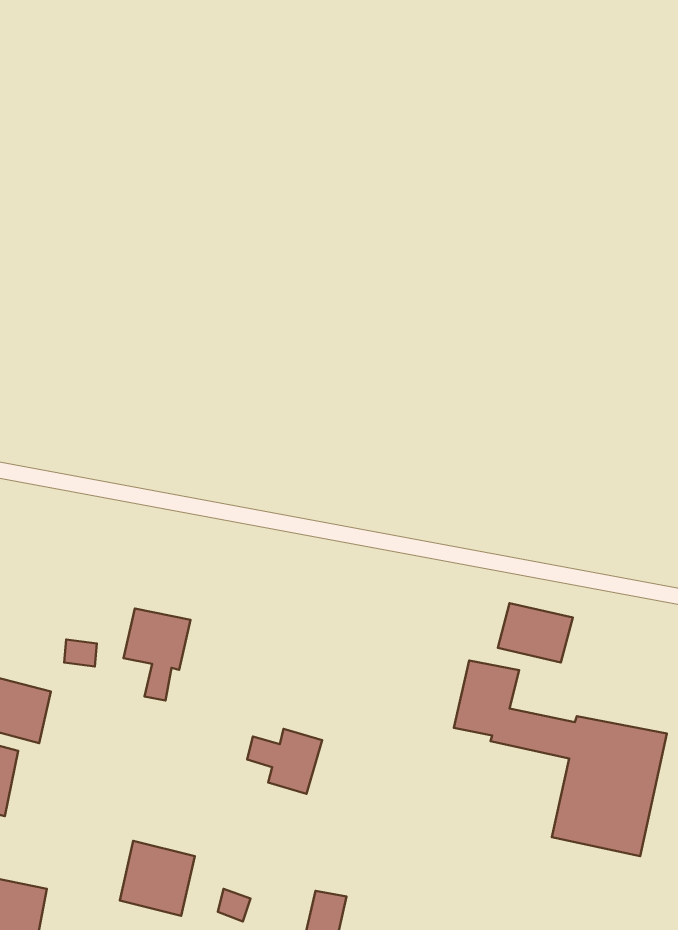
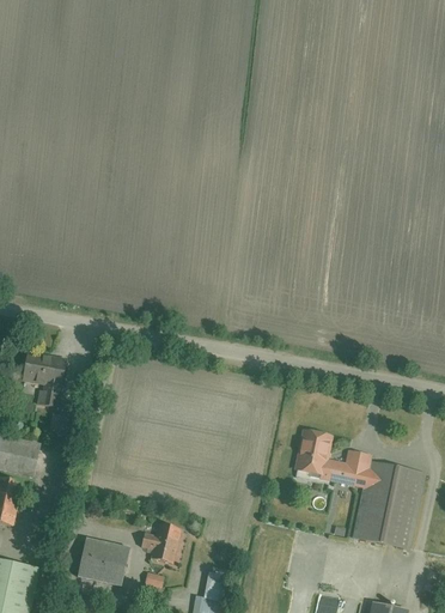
building: [498,603,573,662] -> none
building: [123,608,191,700] -> [24,348,66,406]
building: [247,729,322,794] -> [136,526,183,566]

